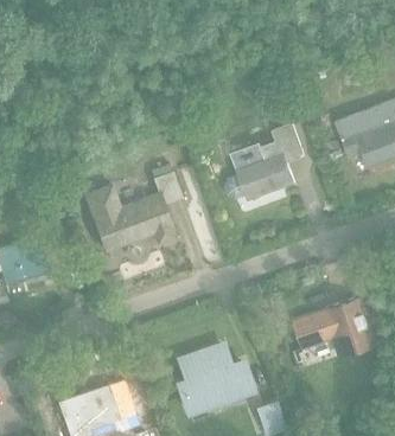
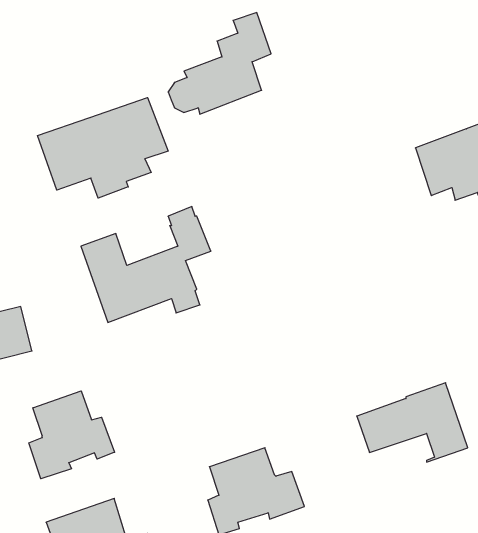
building: none -> [38,98,168,198]
building: [223,126,300,201] -> [168,13,271,114]
building: none -> [29,391,115,479]

